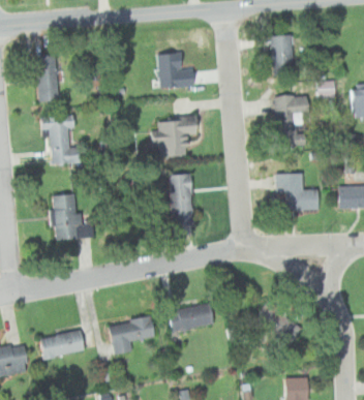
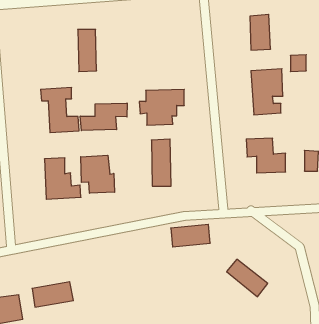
building: [164,54,202,88] -> none
building: [43,56,64,102] -> [78,29,97,72]
building: none -> [80,103,127,131]
building: none -> [81,155,115,193]
building: [165,305,209,330] -> [171,224,210,247]
building: [108,314,152,353] -> none

